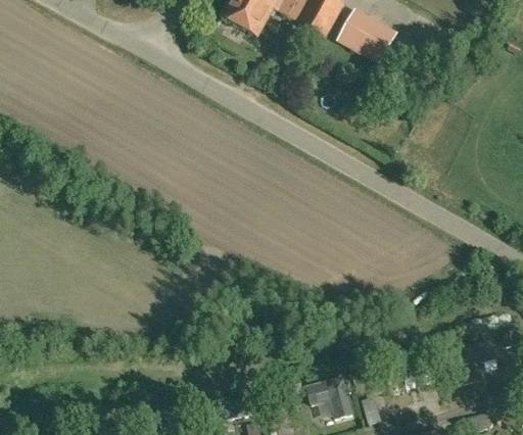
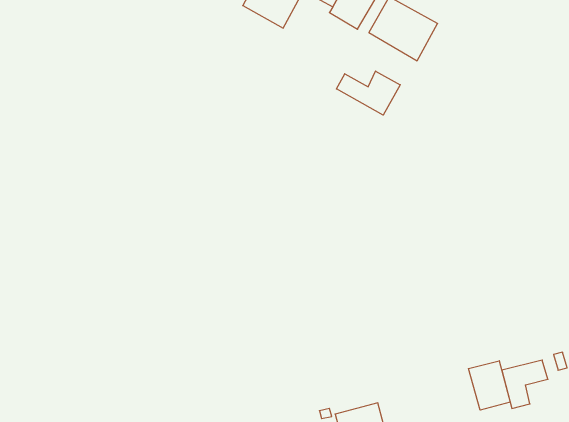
building: none -> [336,71,400,115]
building: none -> [468,361,510,410]

